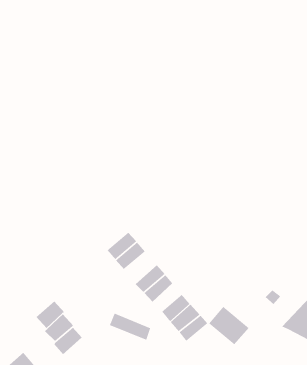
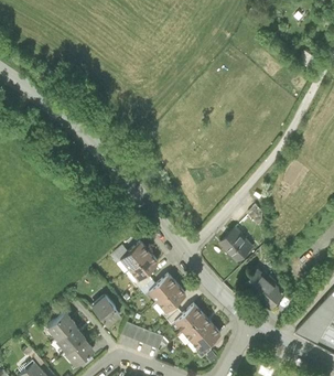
building: none -> [218,225,252,260]
building: none -> [90,291,120,323]
building: [208,306,249,345] -> [241,268,283,308]

